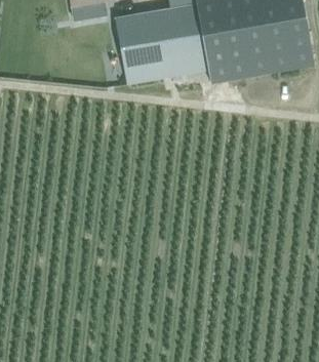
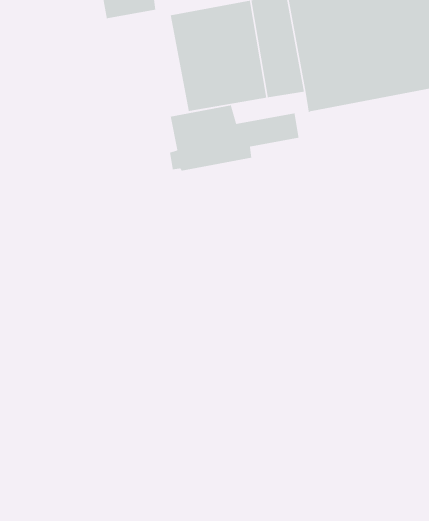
building: none -> [169,104,300,171]

